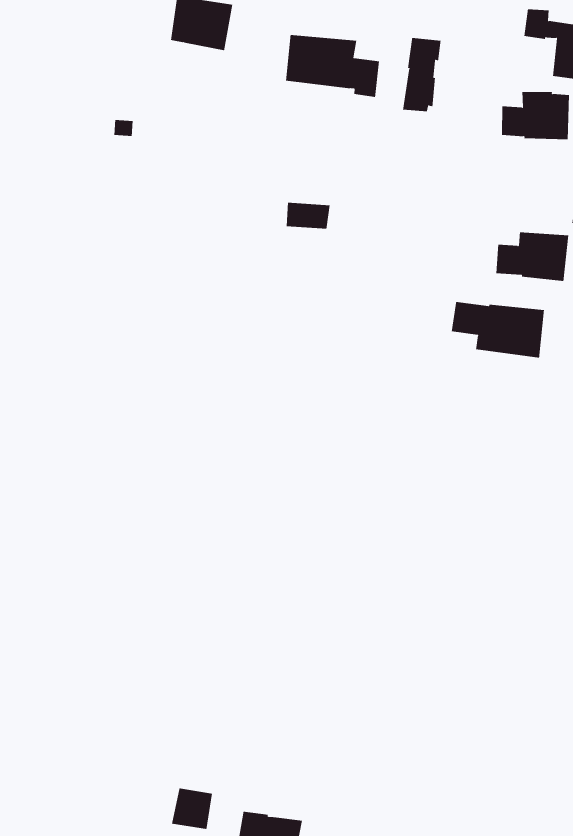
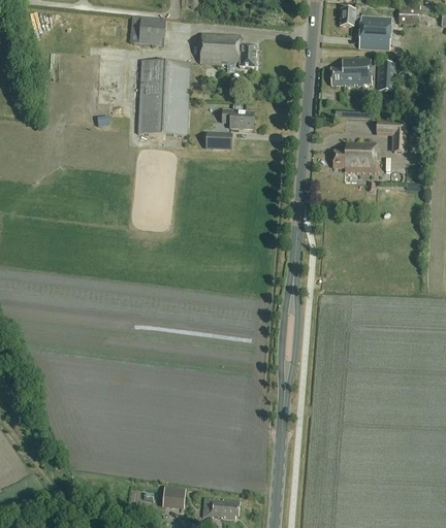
building: [403,37,441,112] -> none
building: none -> [137,61,189,136]
building: none -> [221,109,253,129]
building: [451,301,545,359] -> none

